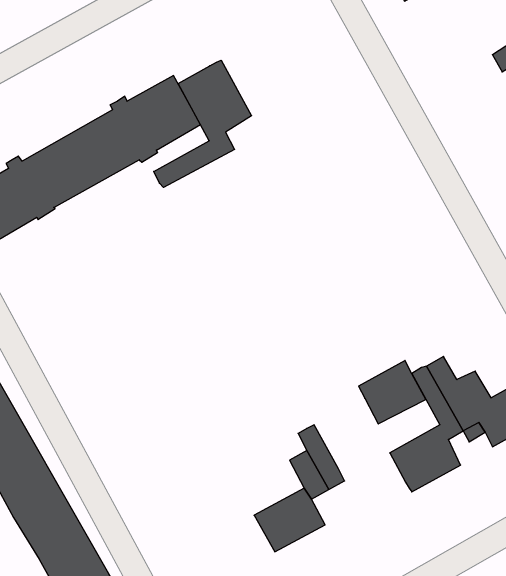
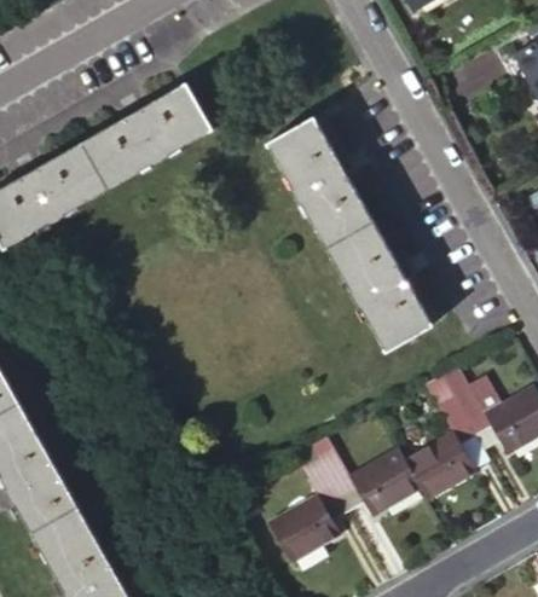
building: [154,60,252,187] -> none
building: none -> [268,118,428,352]
building: [359,360,426,424] -> [351,448,417,511]

